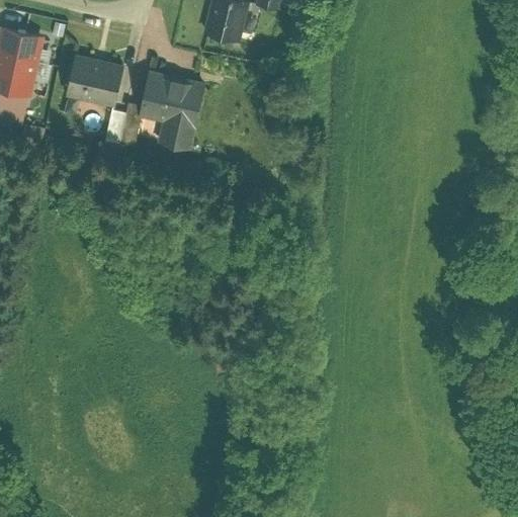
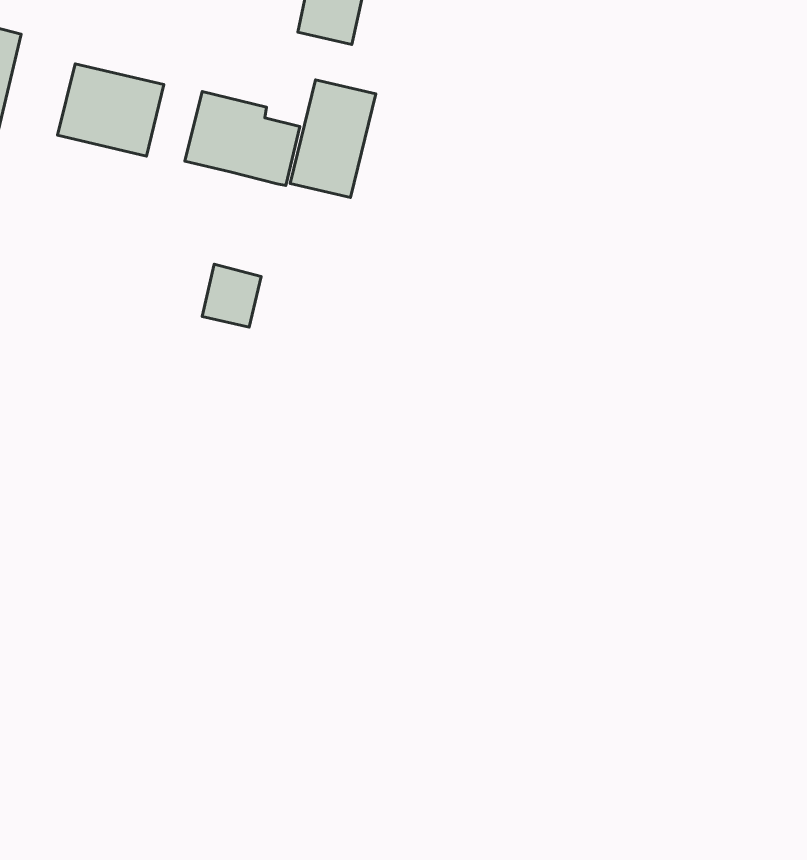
building: none -> [290,80,376,198]
building: [158,116,192,153] -> [202,264,261,327]

